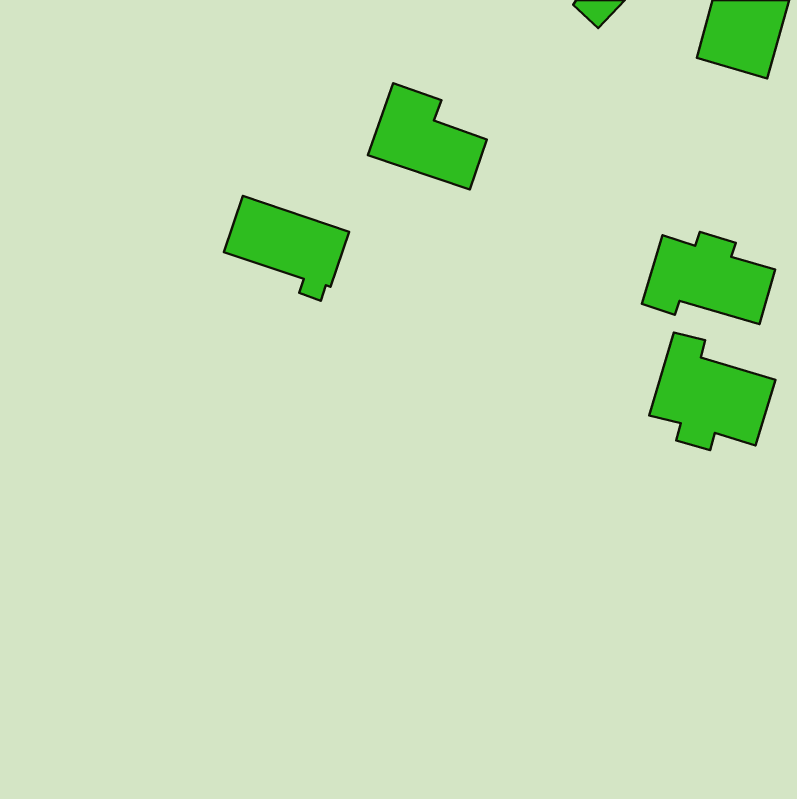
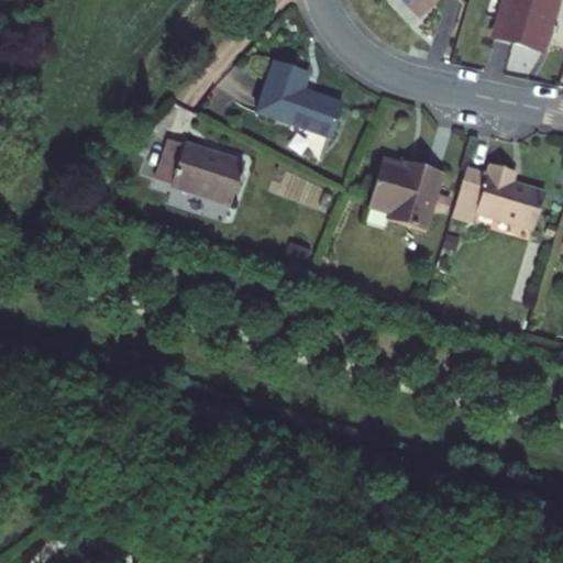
building: none -> [368,158,441,229]
building: [649,332,776,450] -> none

